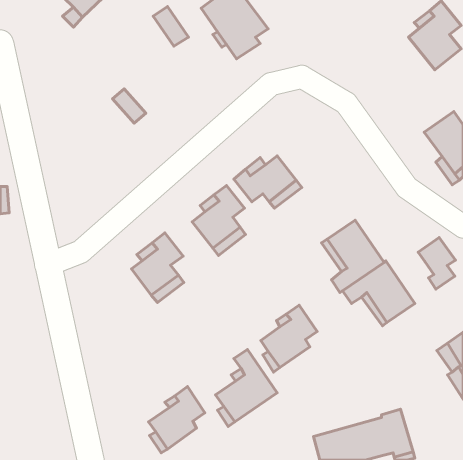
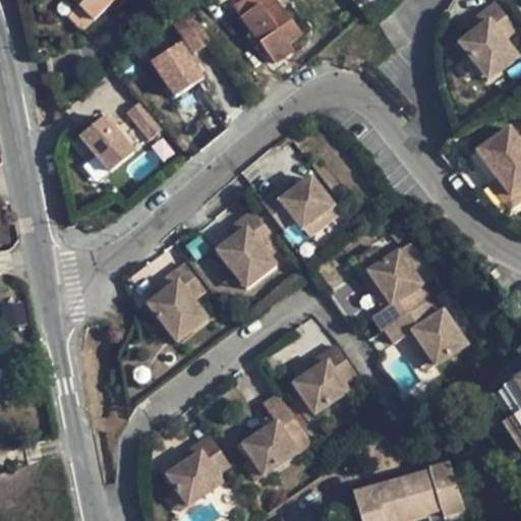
building: none -> [153,42,205,97]
building: none -> [79,116,133,172]
building: [418,238,455,289] -> none

